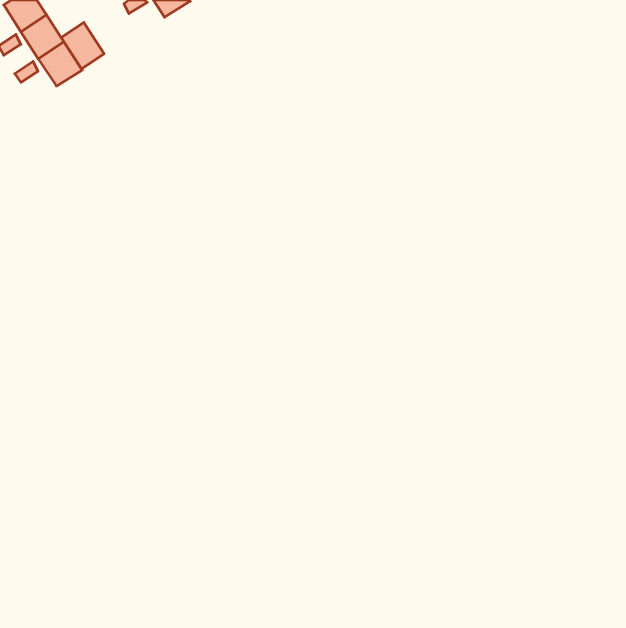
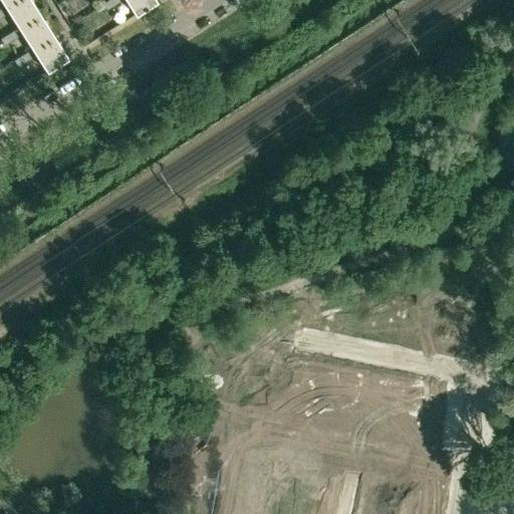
building: [61,22,104,69] -> none

